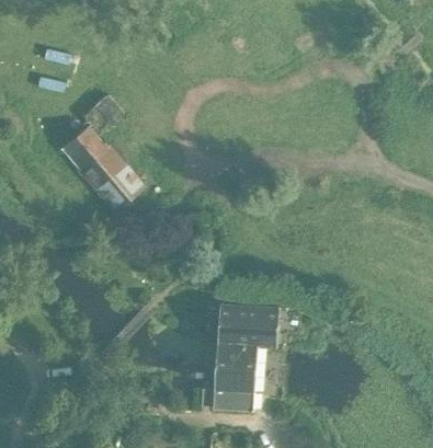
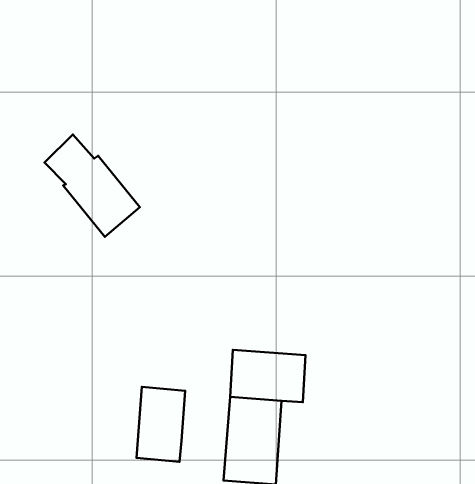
building: none -> [136,387,185,462]

